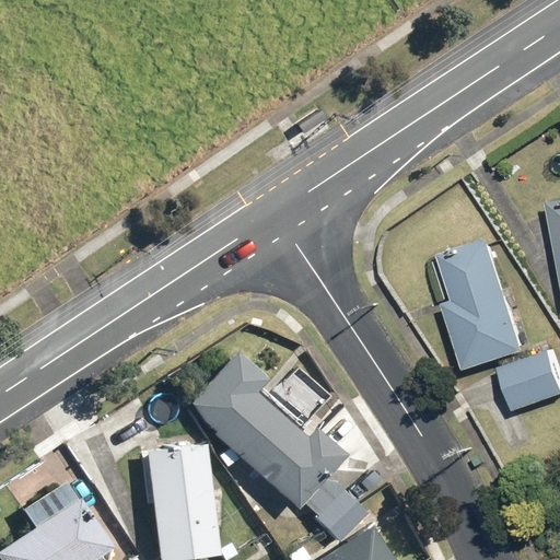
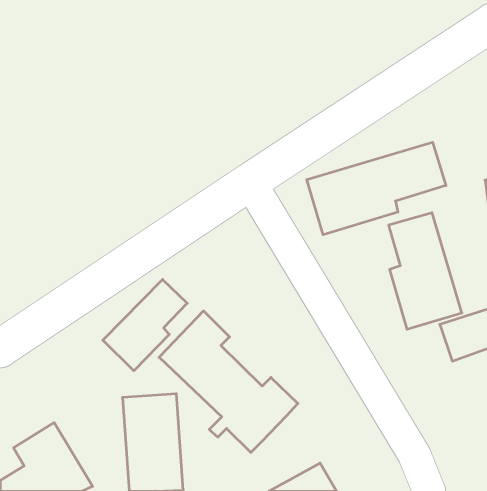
building: none -> [307,142,446,235]
building: none -> [103,279,187,371]
building: [303,472,370,539] -> none

